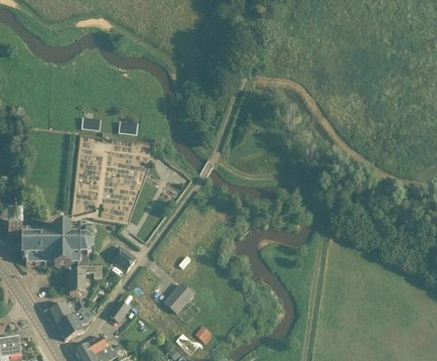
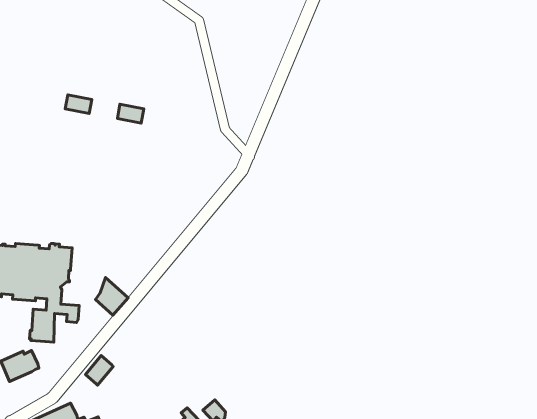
building: [164,282,192,312] -> none
building: [55,308,88,339] -> none

